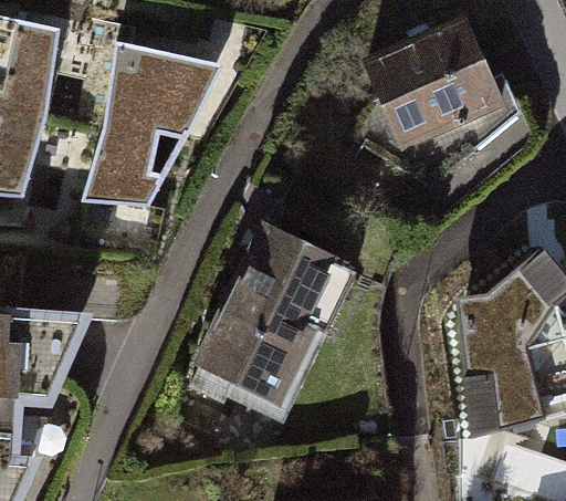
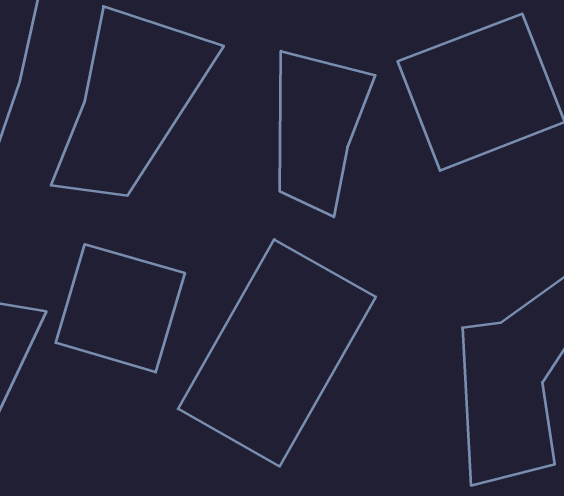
building: none -> [280,51,375,217]
building: none -> [56,244,185,372]

